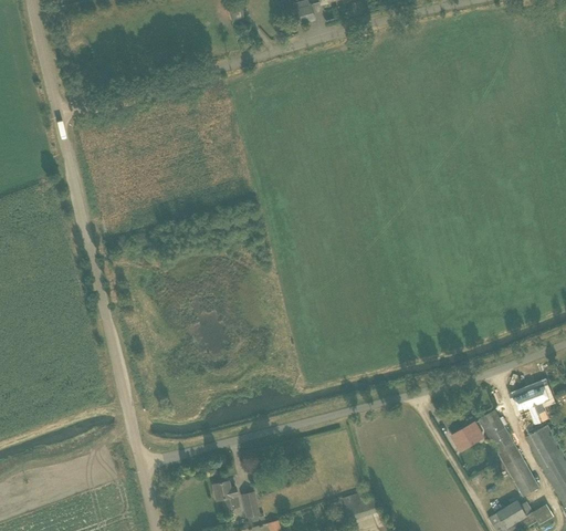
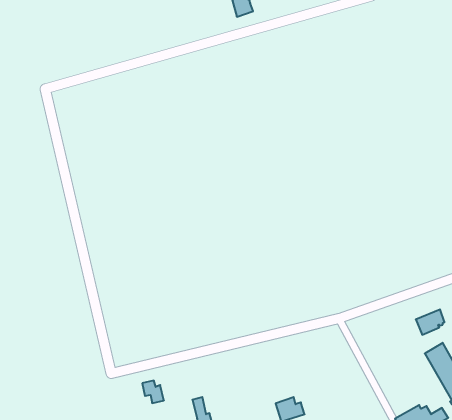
building: [480,409,539,496] -> none
building: [452,421,483,450] -> none
building: [213,480,240,508] -> [142,381,164,403]

